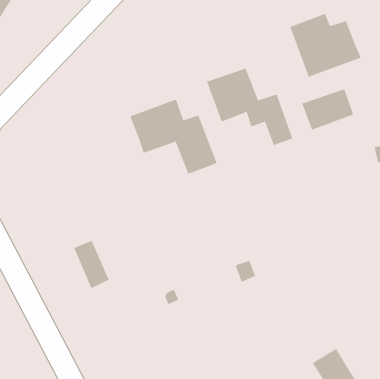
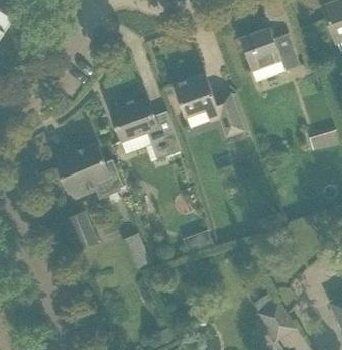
building: [302,88,354,130] -> none
building: none -> [51,141,122,198]

